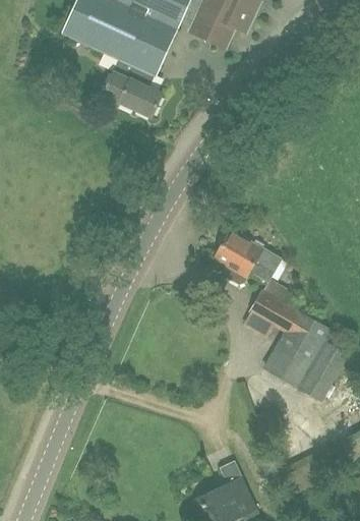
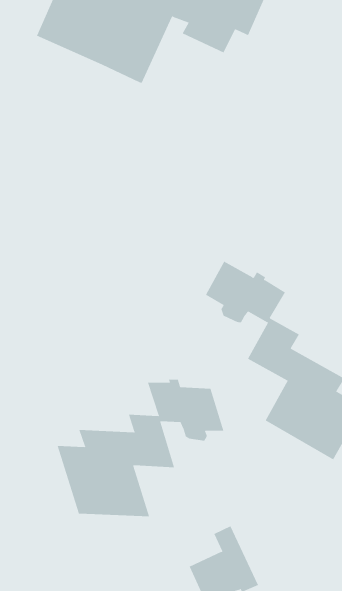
building: [104,58,163,118] -> none
building: none -> [57,379,224,517]

